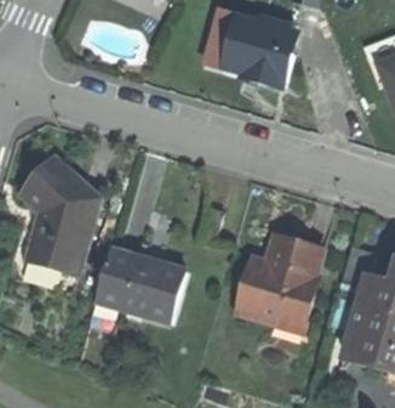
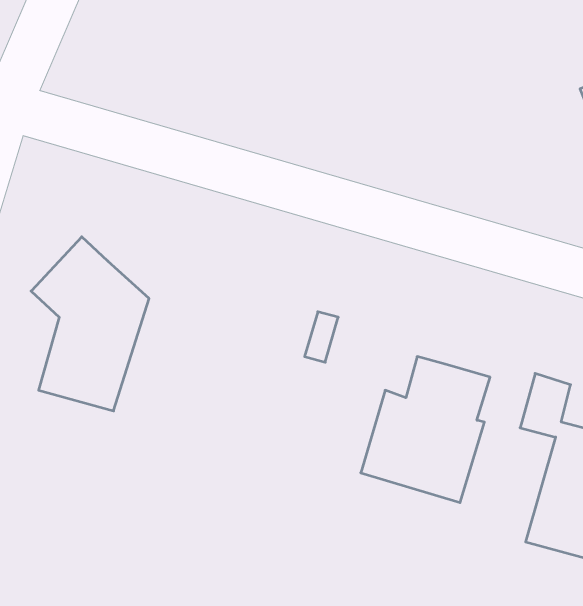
building: [207,12,292,83] -> none
building: [91,248,187,322] -> none

